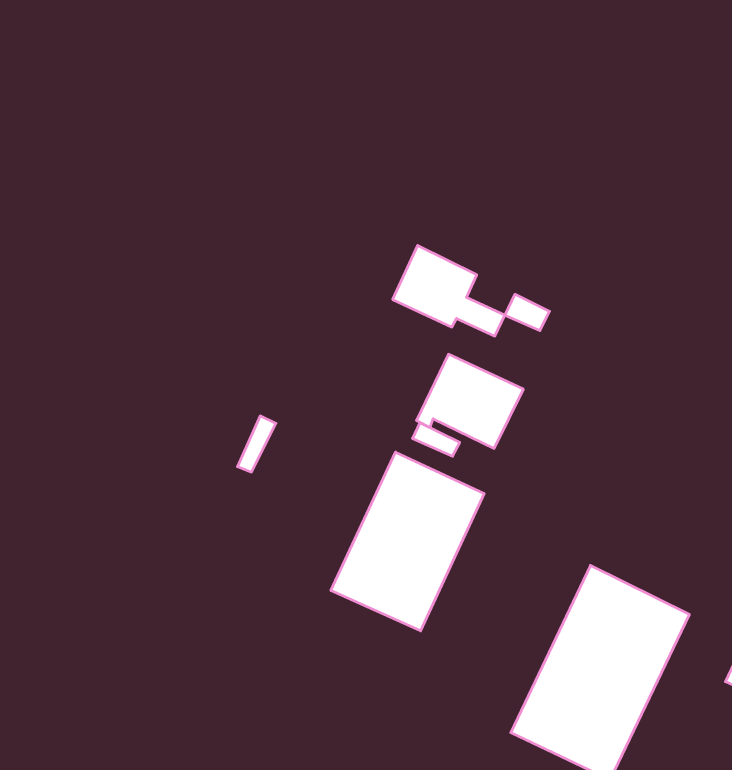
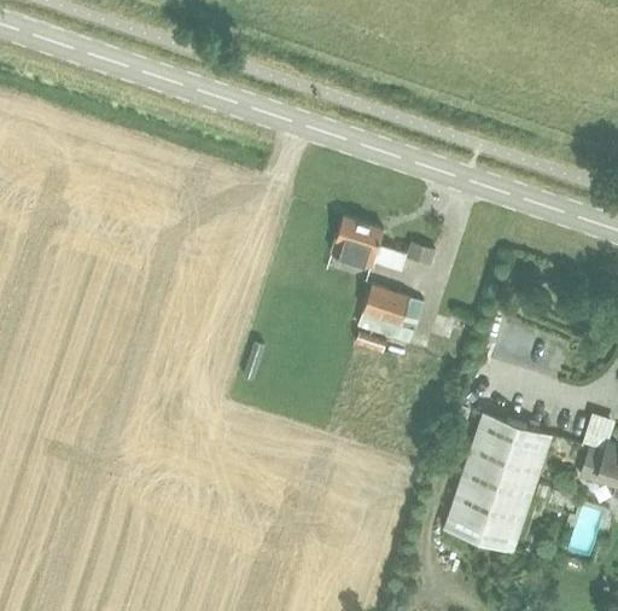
building: [331,452,484,631] -> none

